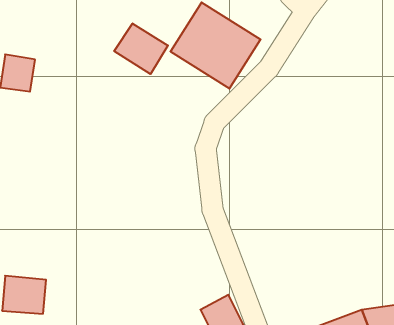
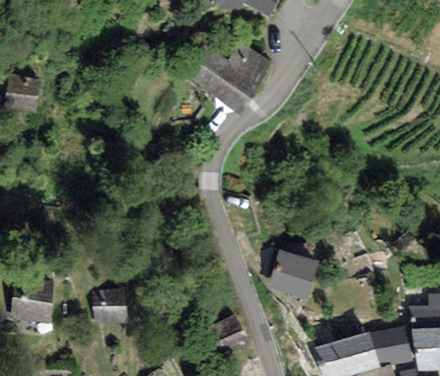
building: [114,23,168,74] -> none
building: none -> [269,250,317,297]
building: none -> [91,287,130,326]

